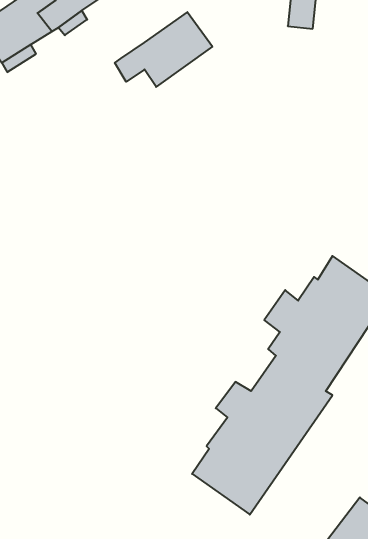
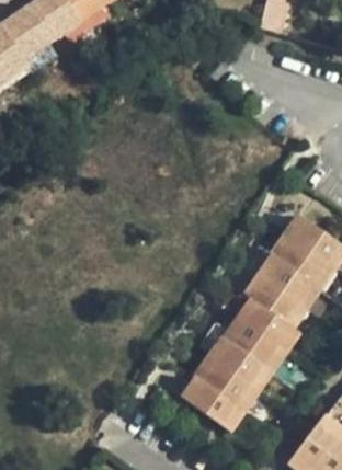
building: [115,12,212,87] -> none

